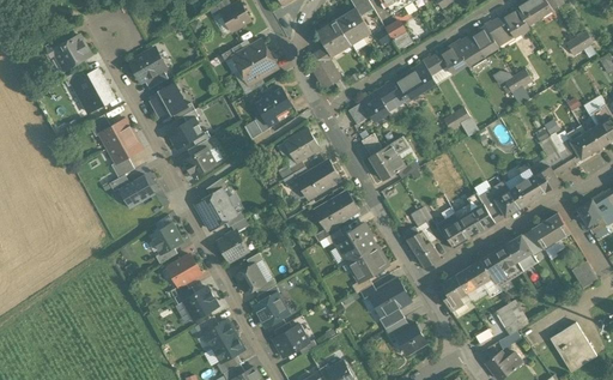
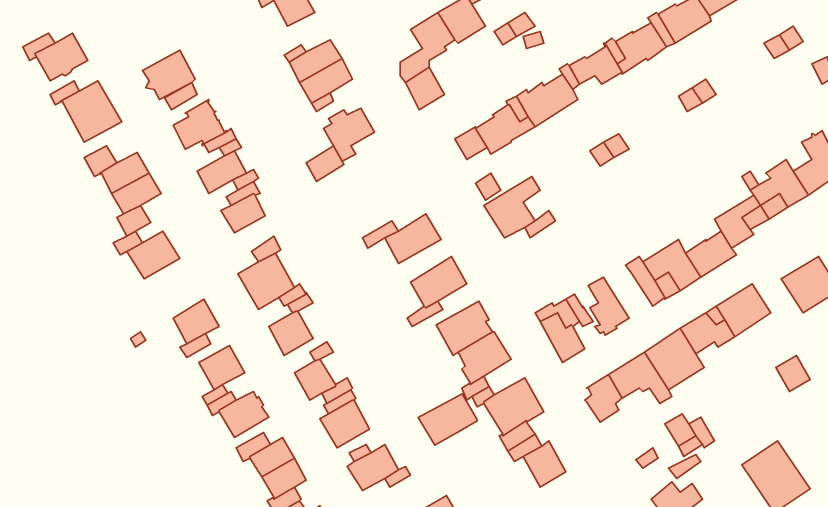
building: [284,128,320,163] -> none
building: [456,204,487,236] -> none
building: none -> [418,394,477,445]

